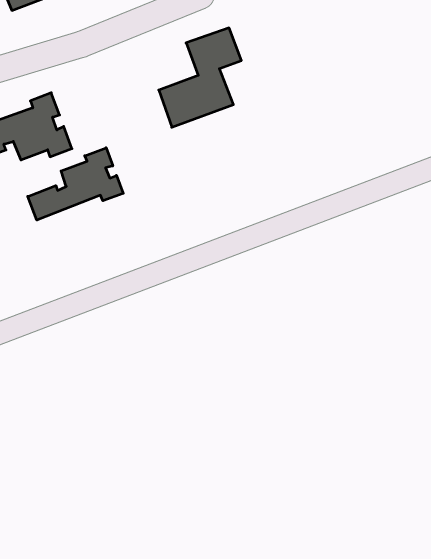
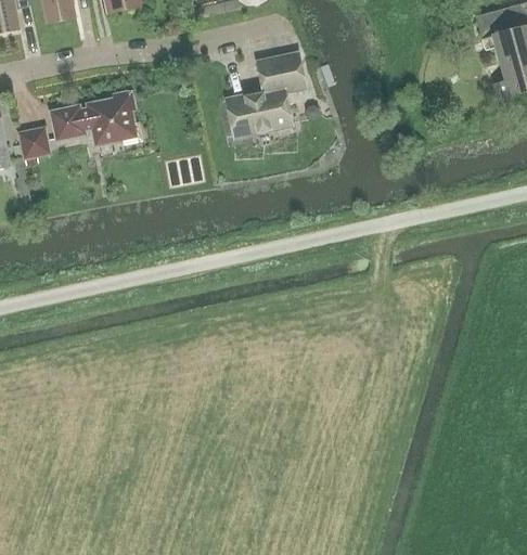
building: [28,148,123,220] -> none

